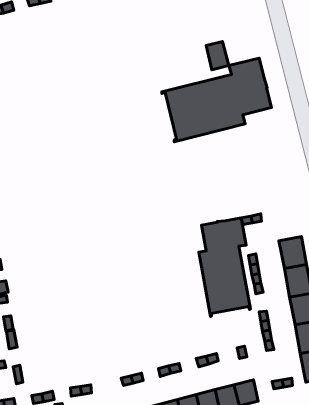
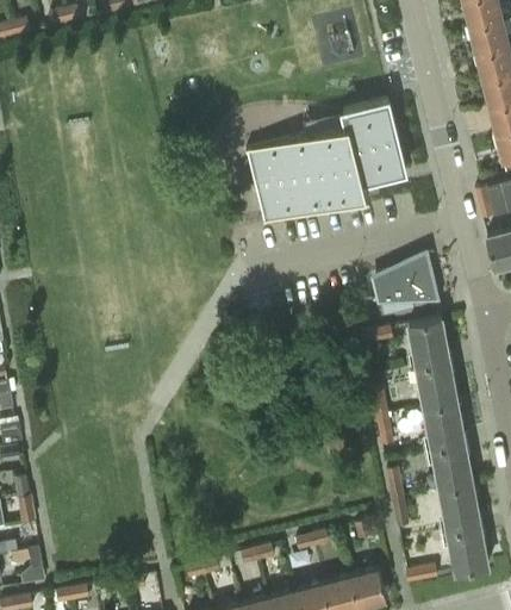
building: [206,42,229,70] -> none
building: none -> [375,250,440,315]
building: none -> [409,319,449,367]
building: [199,218,251,316] -> none

